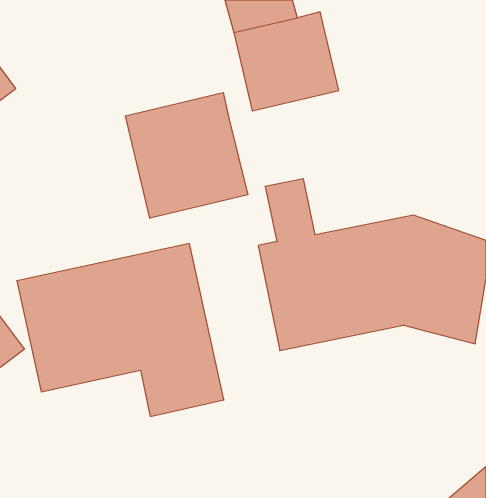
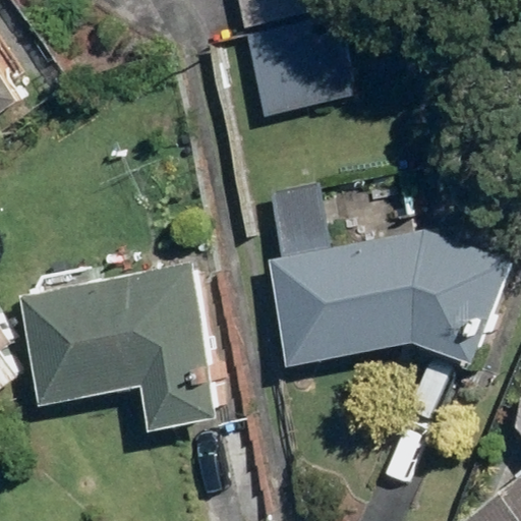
building: [126,93,248,218] -> none

